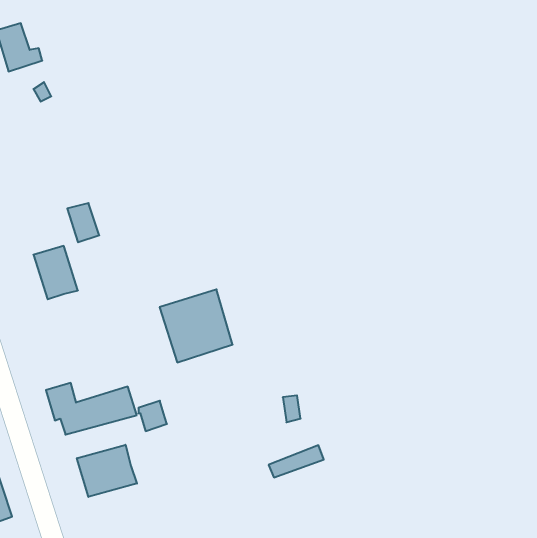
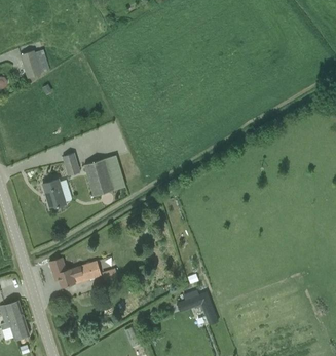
building: [160,289,233,362] -> [84,154,126,196]
building: [77,445,137,497] -> none

